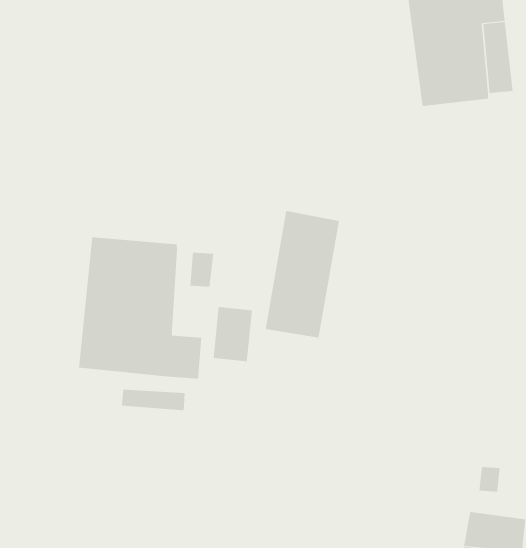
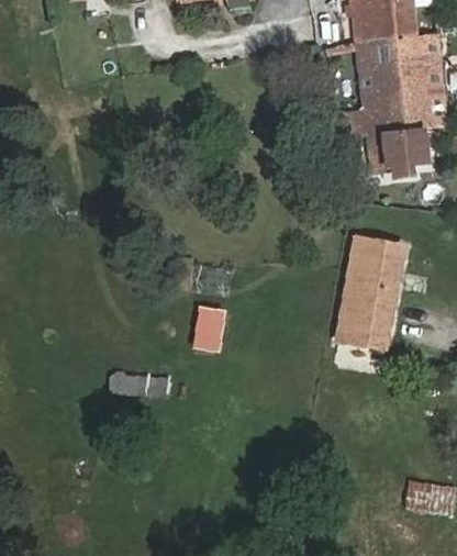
building: none -> [368,129,428,169]
building: [265,210,340,338] -> [338,238,402,347]
building: [78,237,202,379] -> none

